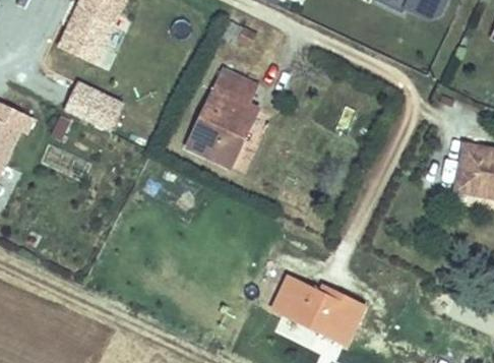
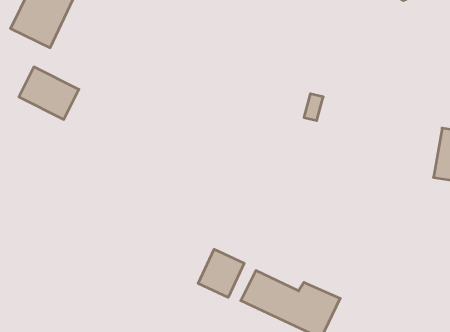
building: [186,67,253,161] -> none
building: none -> [198,249,244,297]

